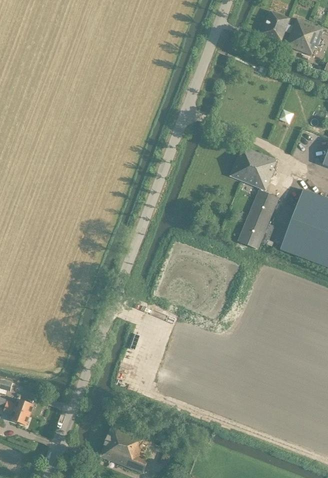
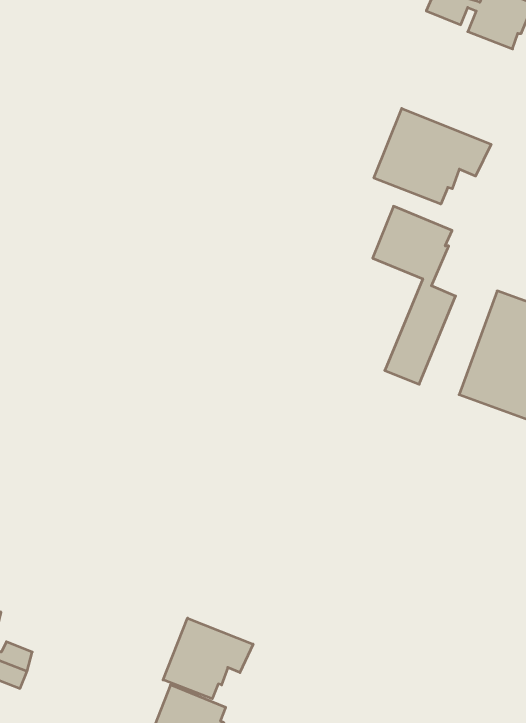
building: none -> [374,108,491,204]
building: none -> [163,618,253,699]

